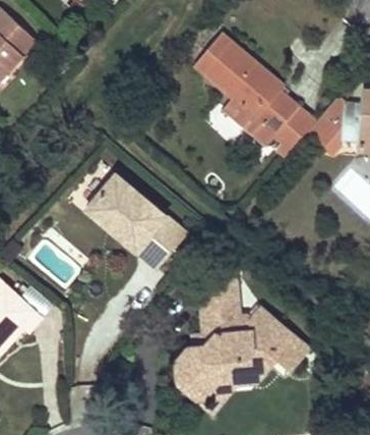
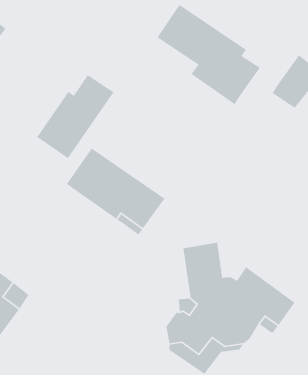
building: none -> [36,74,115,159]
building: [272,106,312,154] -> none

